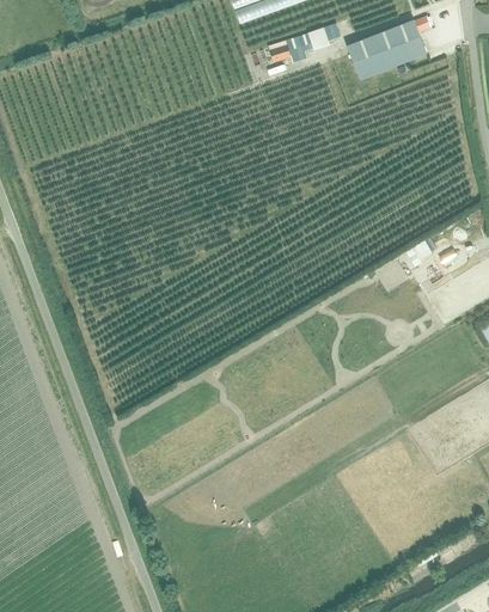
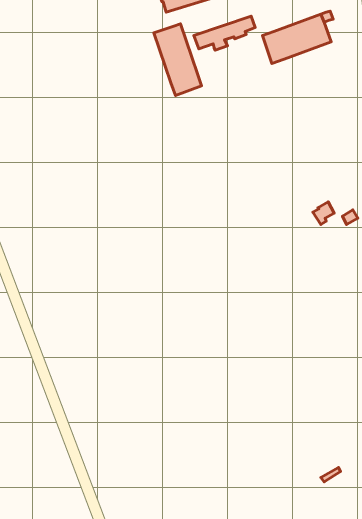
building: none -> [154,24,202,96]

